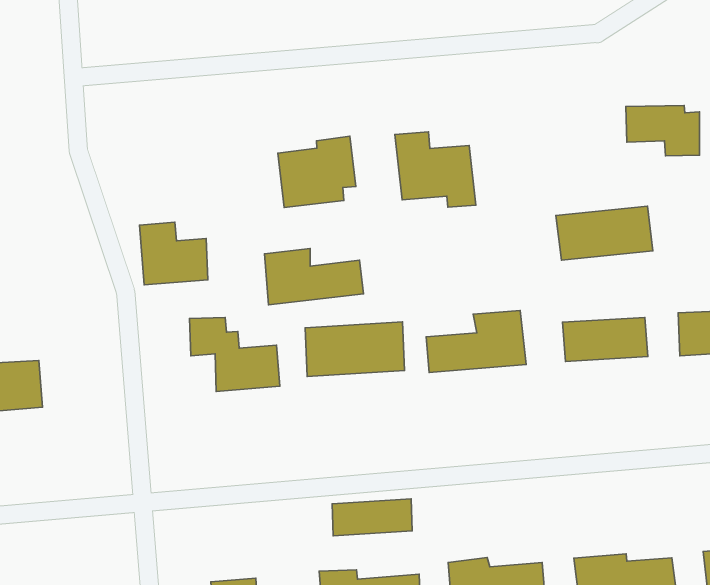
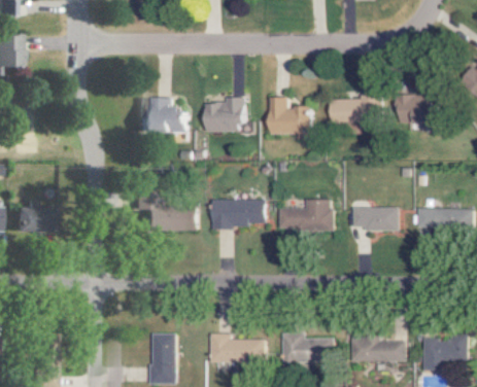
building: [556,206,653,260] -> [328,97,379,122]
building: [139,222,208,285] -> [148,99,184,132]
building: [264,248,364,305] -> none
building: [332,499,412,536] -> none

